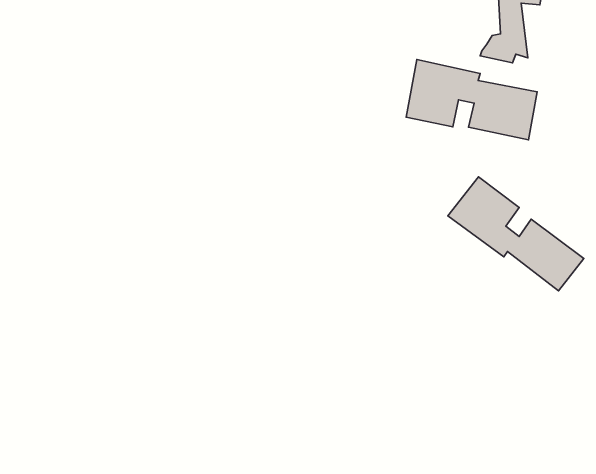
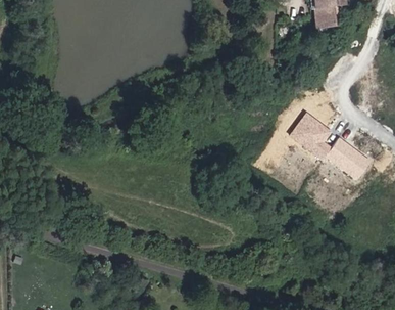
building: [406,59,537,140] -> none

